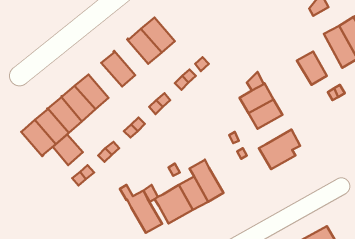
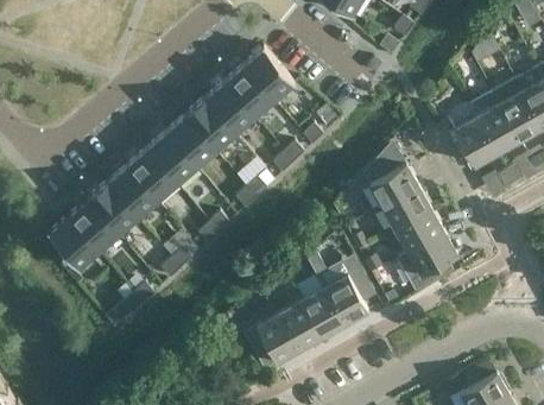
building: none -> [243,49,295,102]
building: none -> [469,91,519,153]
building: none -> [184,100,234,152]
building: none -> [146,134,196,185]
building: none -> [394,210,444,253]
building: [53,134,83,165] -> none
building: [120,185,162,233] -> [306,254,368,324]

